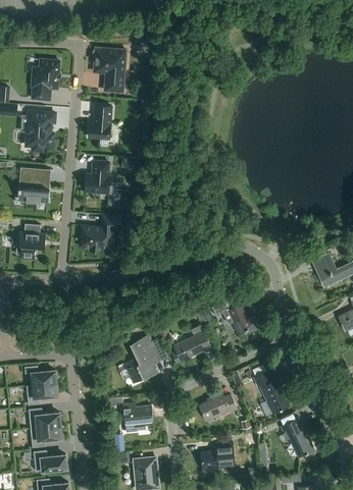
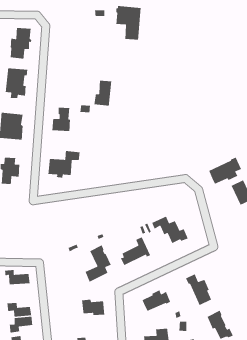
building: [93,48,125,93] -> [116,5,141,40]
building: [88,106,111,140] -> [94,80,112,107]
building: none -> [208,157,242,185]
building: [28,385,59,406] -> none

